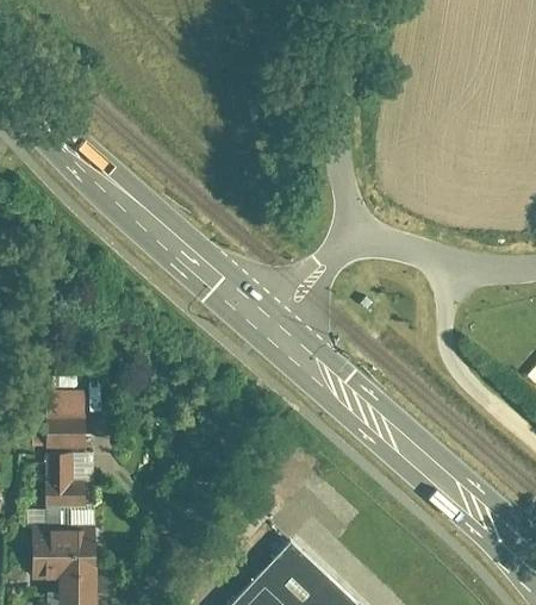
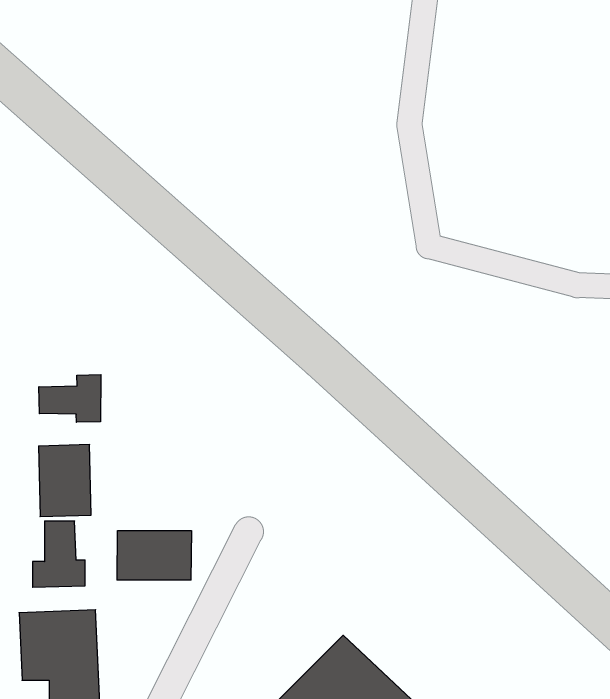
building: none -> [39,375,101,422]
building: none -> [117,531,191,580]

